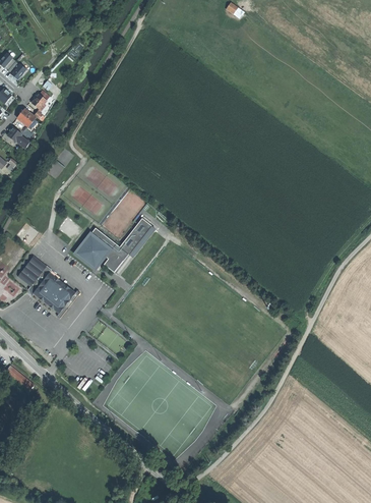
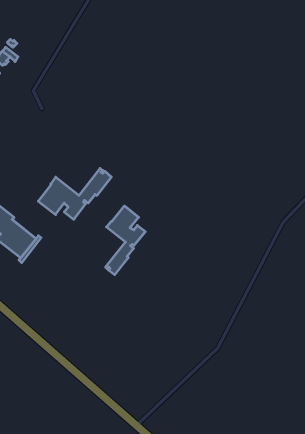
building: none -> [106,206,145,275]

